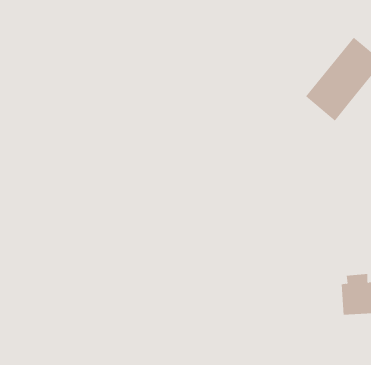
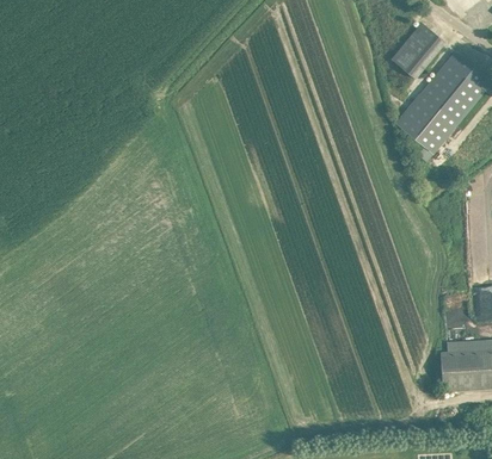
building: none -> [390,23,444,79]

